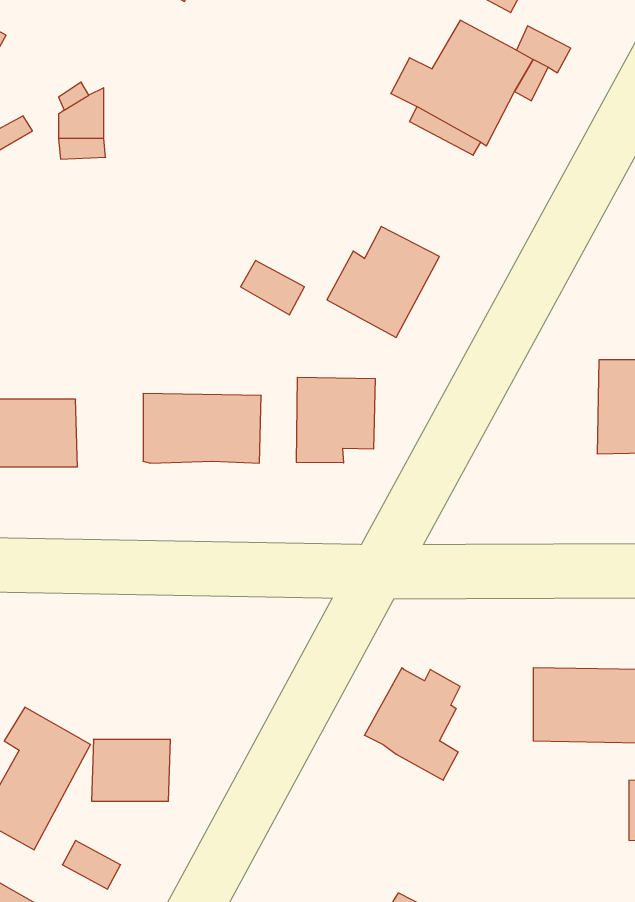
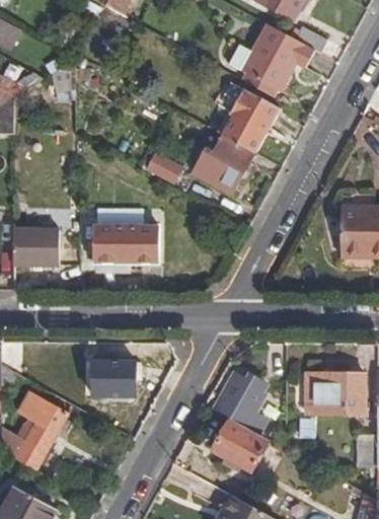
building: none -> [223,89,279,151]
building: [296,377,375,463] -> none
building: [92,739,170,801] -> [92,362,135,395]
building: none -> [215,420,268,471]

